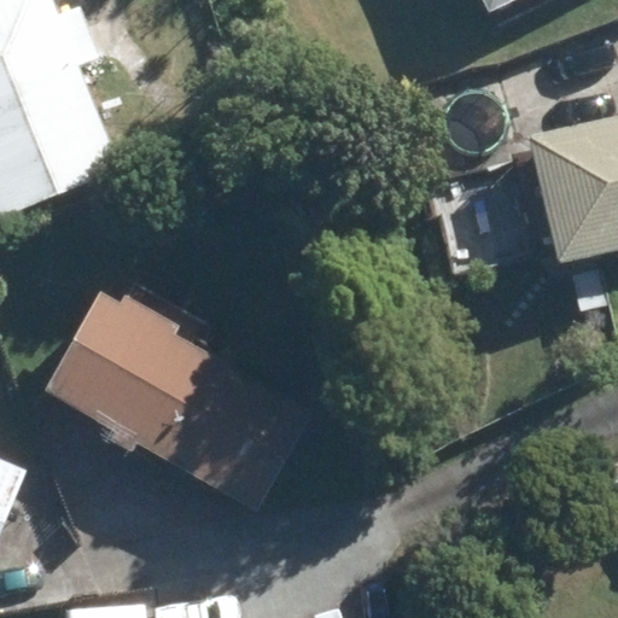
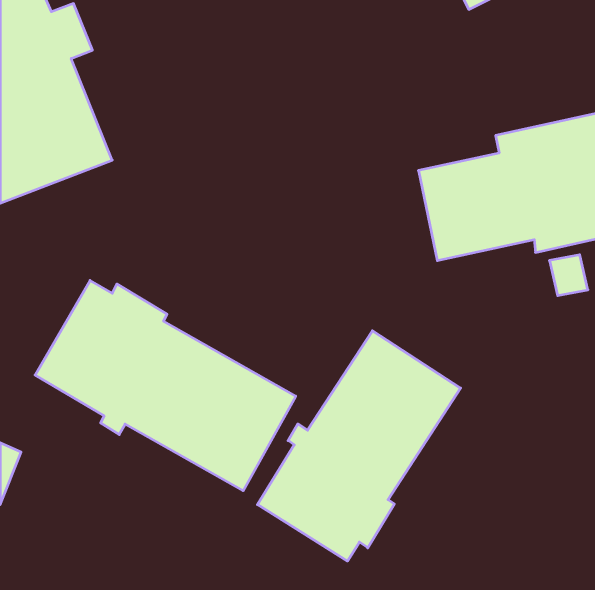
building: none -> [257,331,461,561]

